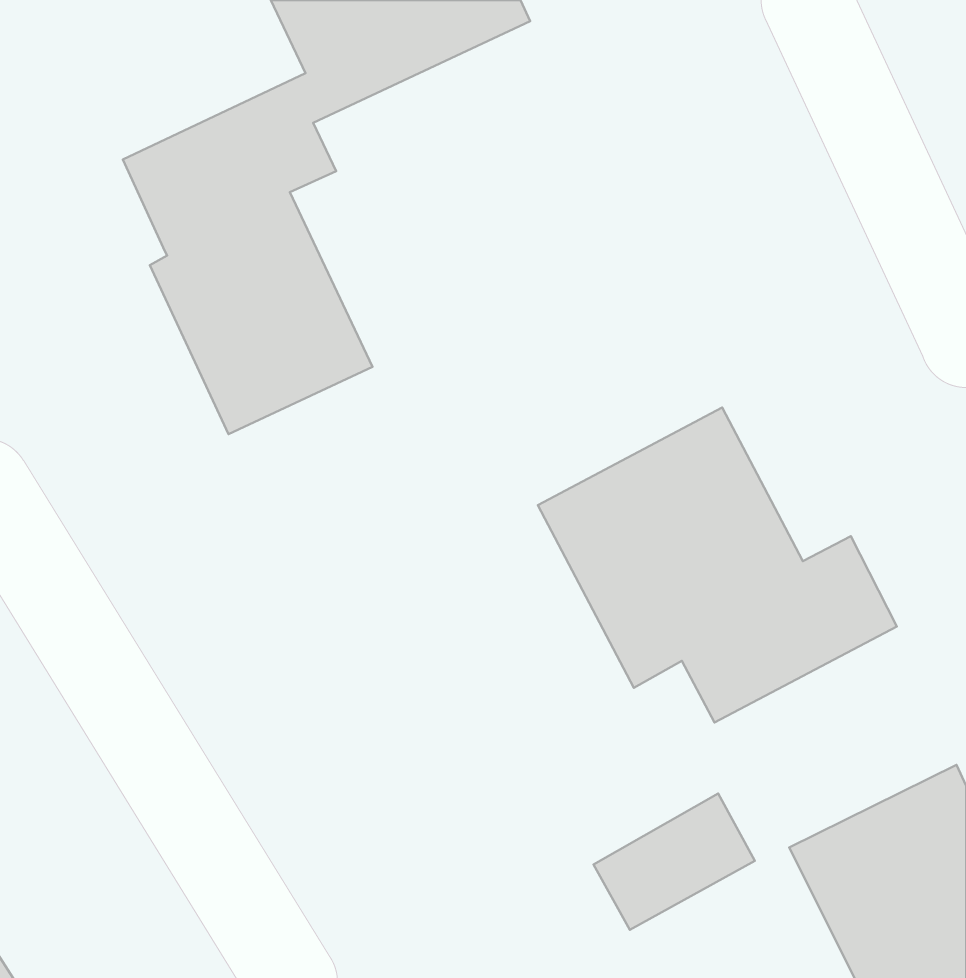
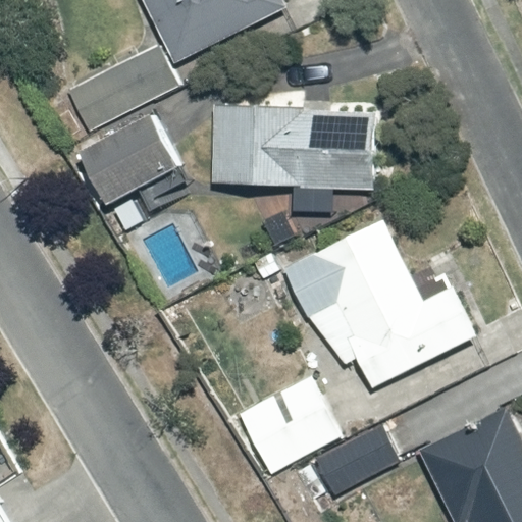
building: none -> [212,102,376,187]
building: none -> [236,376,336,473]

